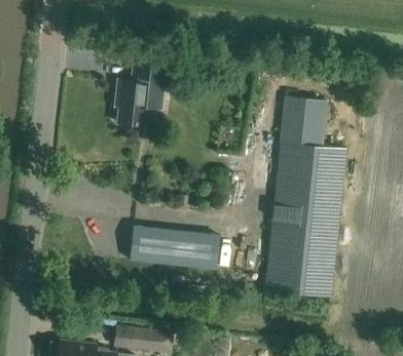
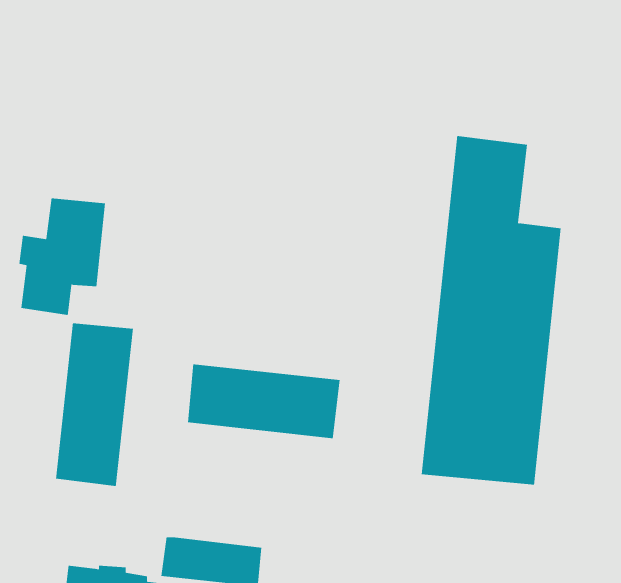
building: [116,58,167,126] -> [19,198,106,315]
building: none -> [56,322,133,487]

